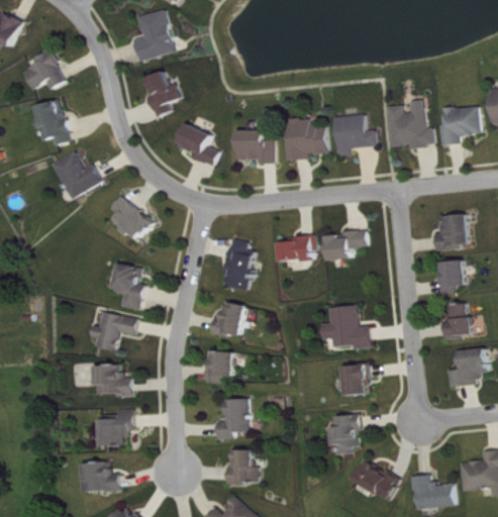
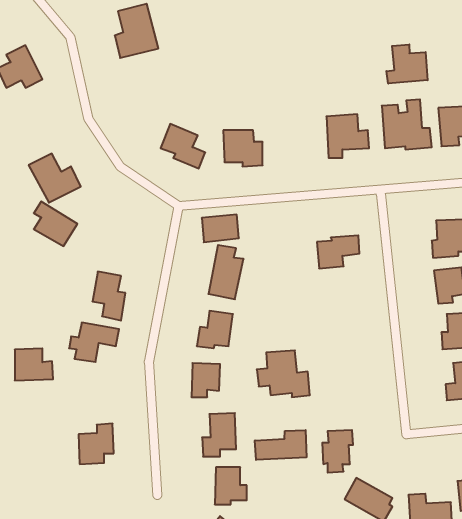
building: none -> [386,44,428,84]
building: [140,71,180,117] -> none
building: [30,100,67,144] -> none
building: [284,118,326,161] -> none
building: [109,198,151,240] -> [34,201,77,246]
building: [276,236,311,263] -> [202,215,239,242]
building: [318,305,369,349] -> [257,350,310,397]
building: [94,365,130,395] -> [15,348,53,380]
building: [342,365,366,395] -> none
building: none -> [255,430,306,460]
building: [83,462,118,492] -> none

